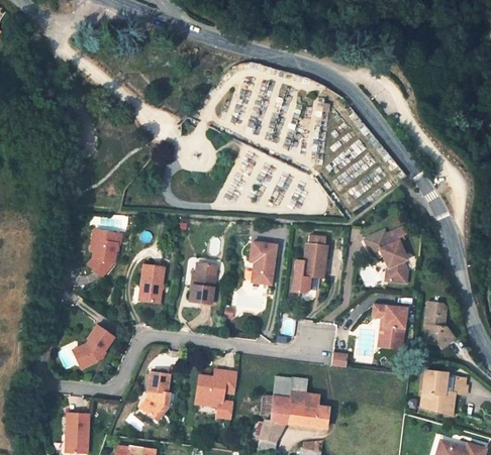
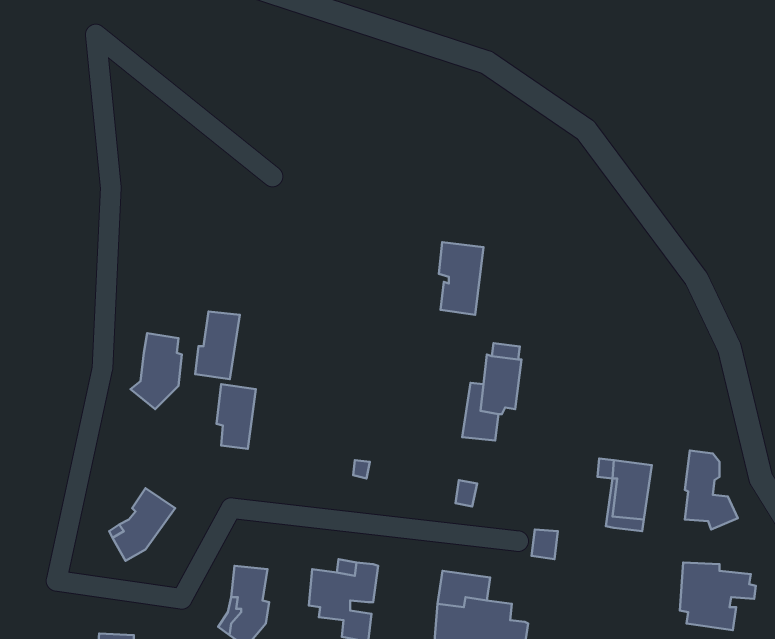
building: [366,232,407,286] -> none
building: [249,241,276,286] -> [439,242,484,315]
building: [188,261,215,303] -> [195,312,240,379]

